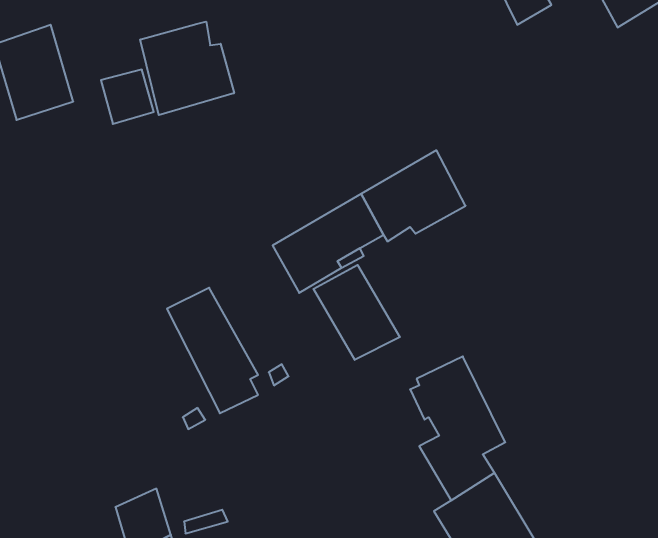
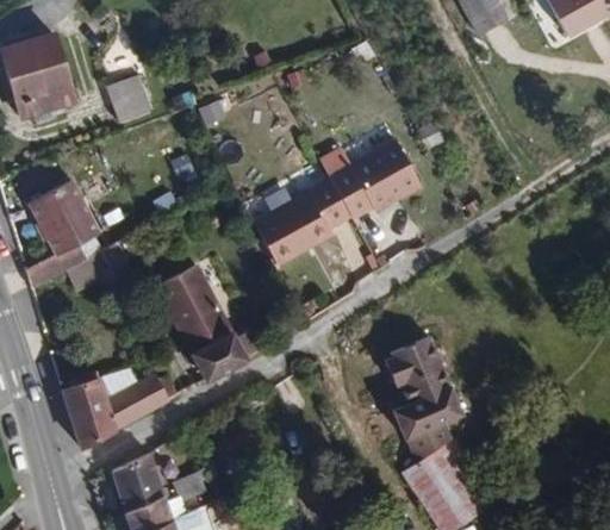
building: [140,22,234,115] -> none
building: none -> [26,176,104,289]
building: [313,265,400,360] -> none
building: none -> [62,376,174,448]

